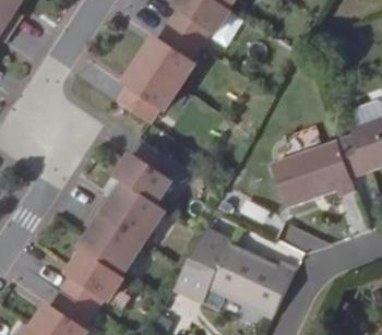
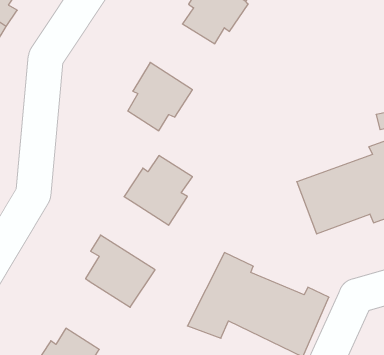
building: [142,24,199,82] -> none
building: [98,181,168,240] -> none
building: [68,250,127,310] -> none

